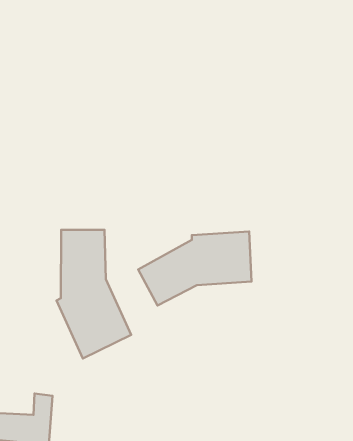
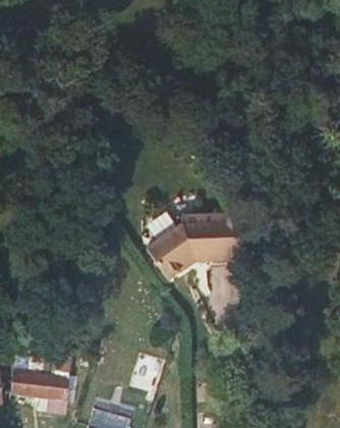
building: [56,230,131,359] -> none

